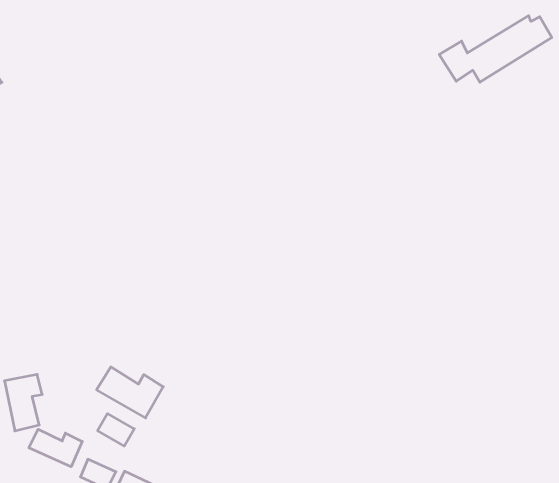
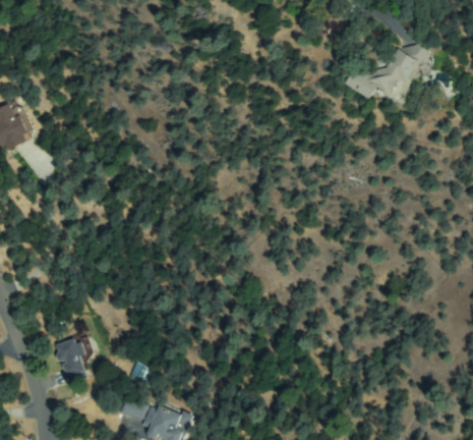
building: [97,367,163,418] -> none
building: [29,429,82,467] -> none

